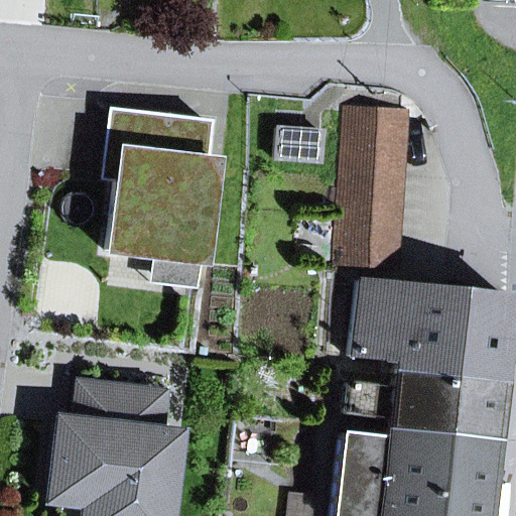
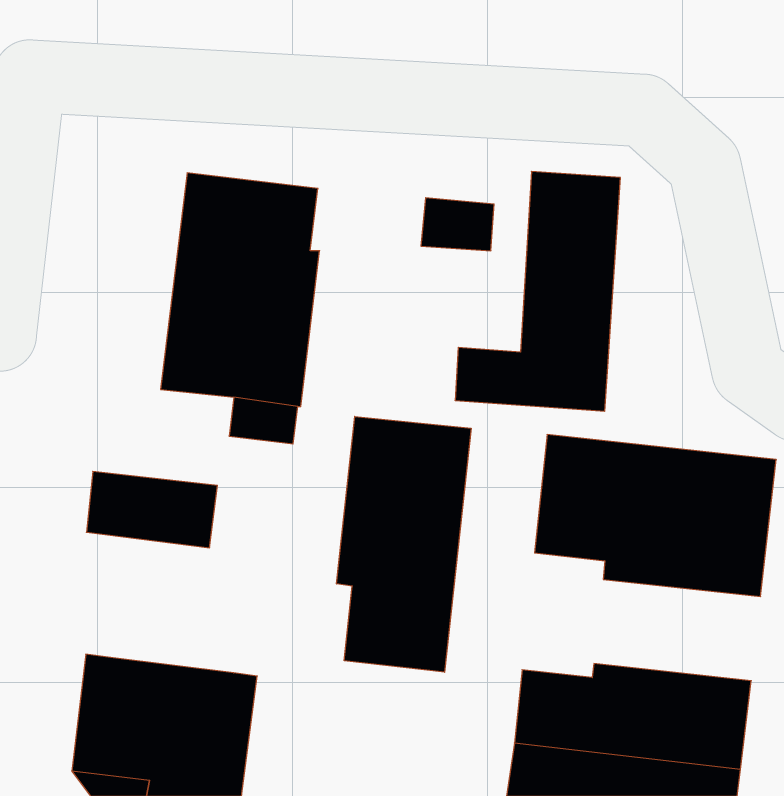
building: none -> [337,416,471,672]
building: [349,375,500,440] -> none
building: [80,386,164,435] -> [86,471,217,548]

